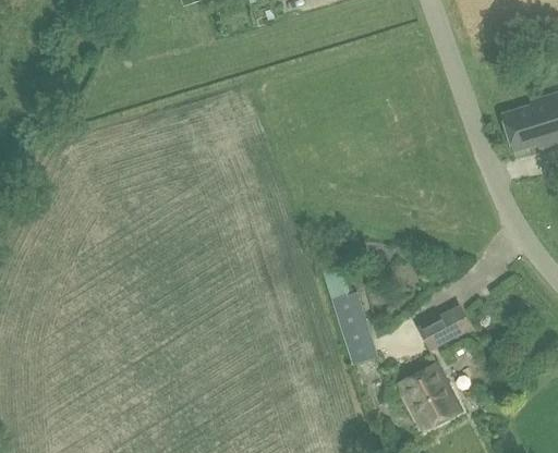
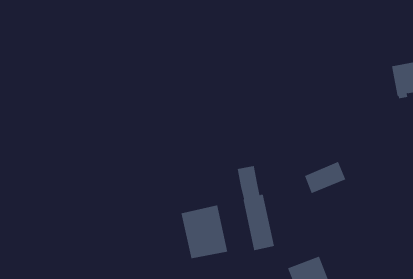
building: [418,305,472,350] -> [304,161,346,194]
building: none -> [181,204,228,259]

